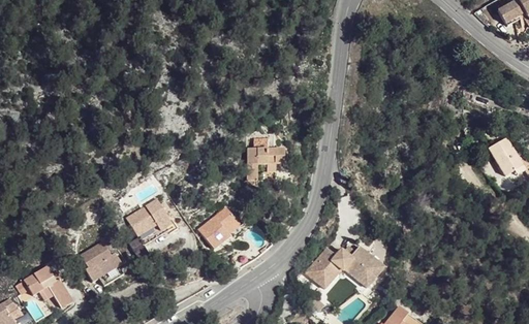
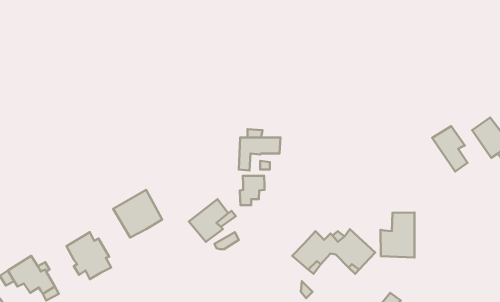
building: none -> [432,126,467,171]
building: none -> [240,176,265,205]
building: none -> [380,213,415,257]

